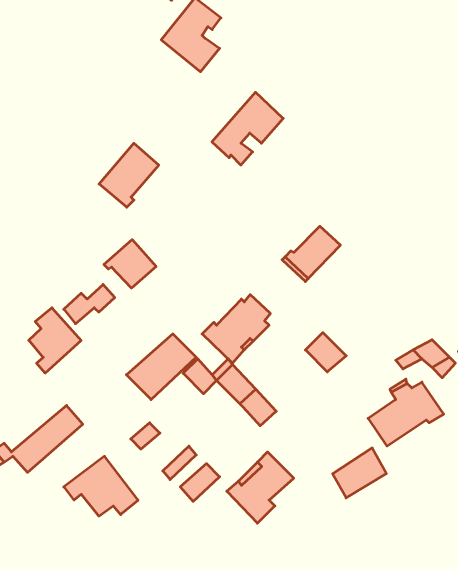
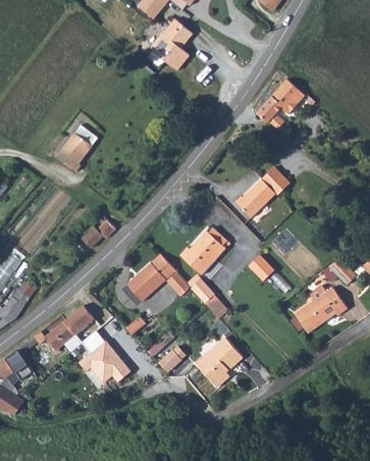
building: [212,92,283,165] -> [255,79,305,130]
building: [99,143,159,207] -> [57,124,99,169]
building: none -> [260,166,288,195]
building: [104,240,156,288] -> none
building: [29,308,81,373] -> none
building: [333,448,386,498] -> none

